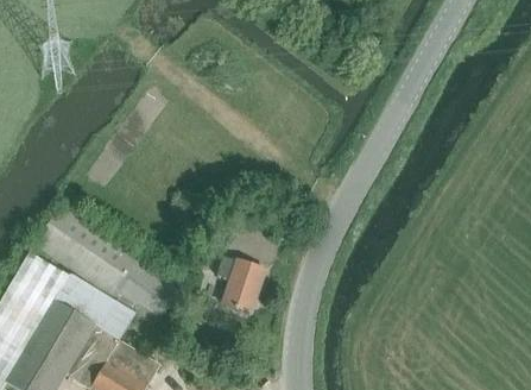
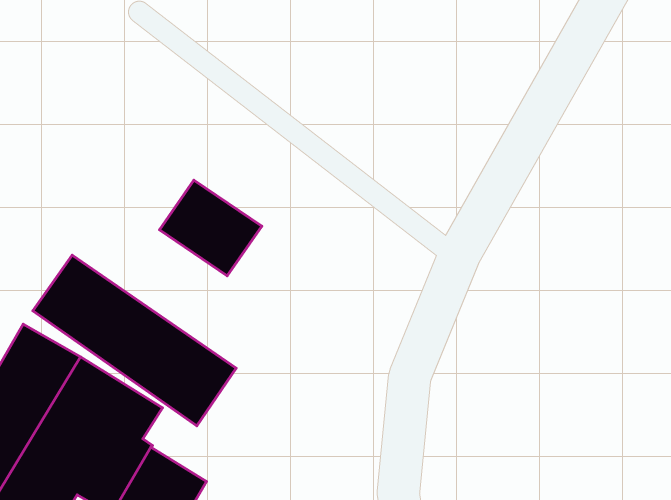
building: none -> [159,180,262,276]
building: [215,259,265,315] -> none

